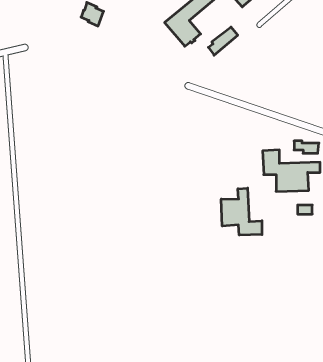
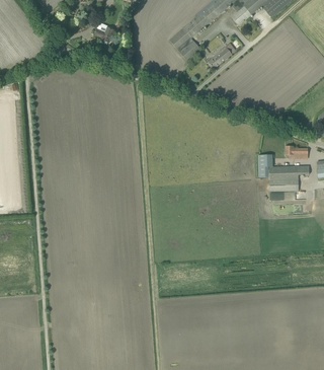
building: [221,188,262,235] -> none

